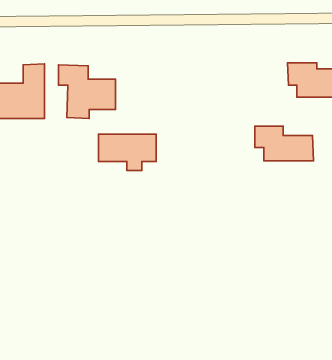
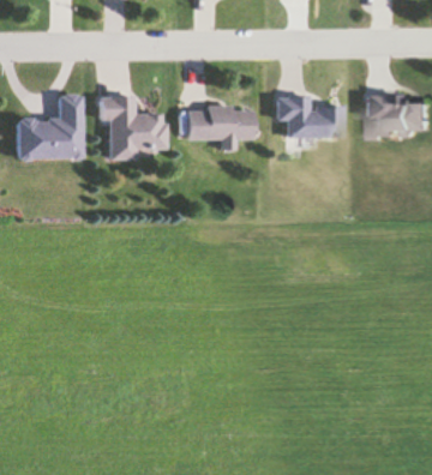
building: [255,126,313,161] -> [278,97,348,138]
building: [98,134,156,171] -> [187,108,256,151]

